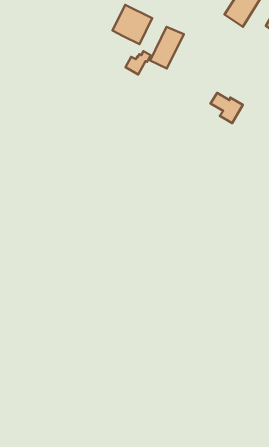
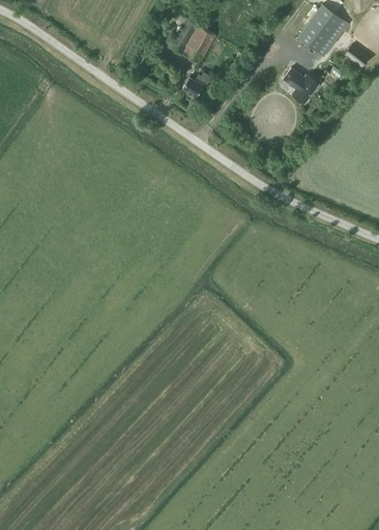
building: [150,27,184,68] -> none
building: [211,93,243,123] -> [283,68,319,104]

